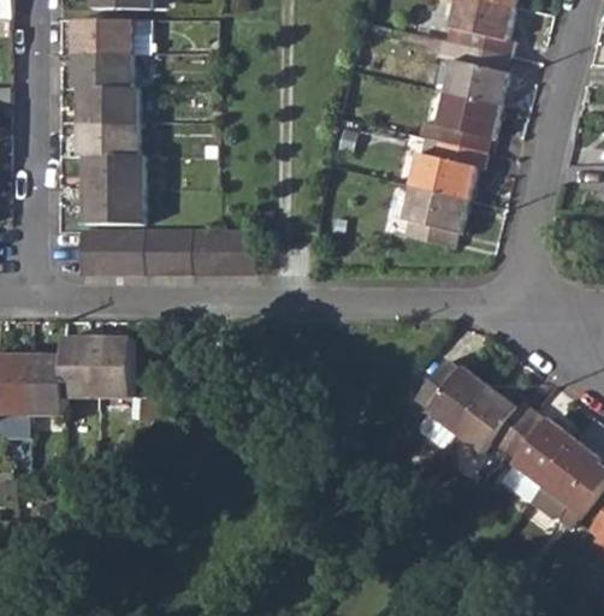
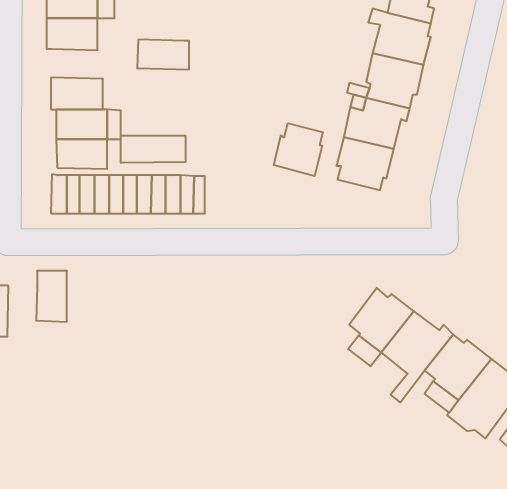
building: [77,87,136,120] -> [137,40,189,69]
building: none -> [274,123,323,176]
building: none -> [121,136,185,163]
building: [95,338,130,396] -> none
building: [28,355,61,414] -> none

